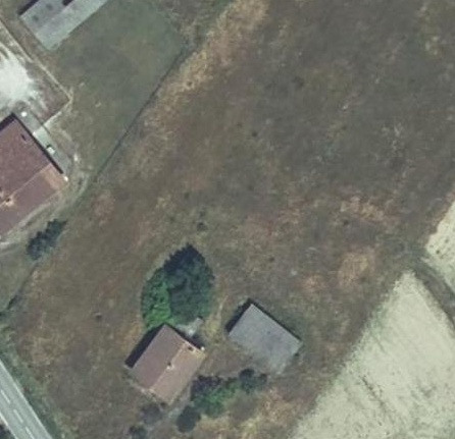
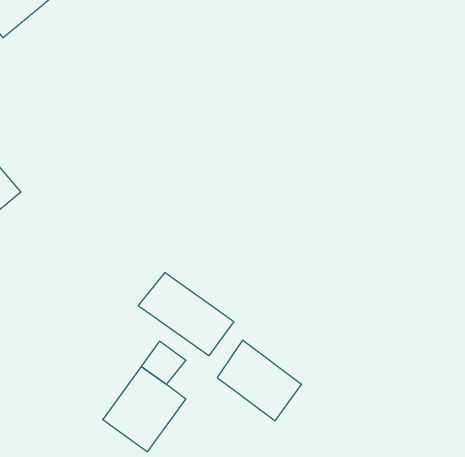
building: none -> [138,273,234,356]

